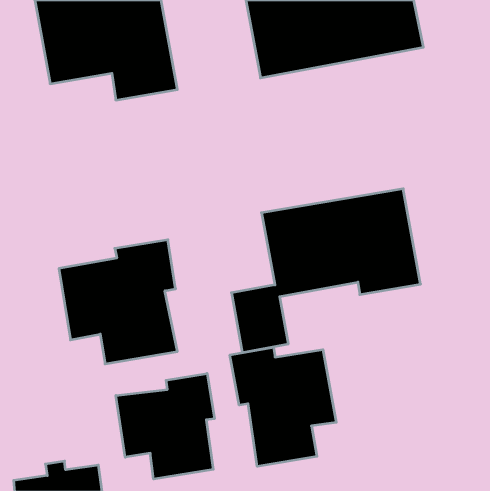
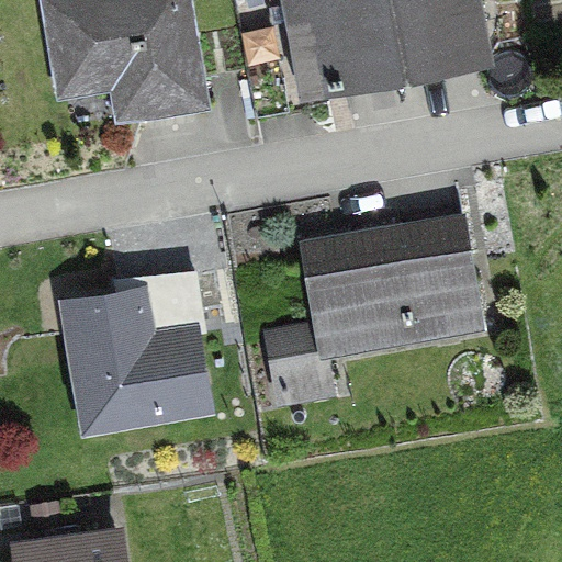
building: [230,347,336,466] -> none
building: [116,373,214,479] -> none

